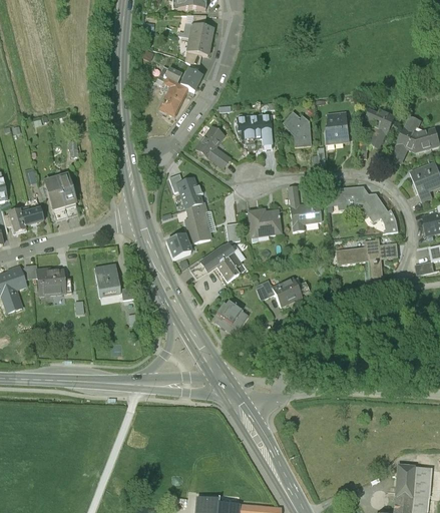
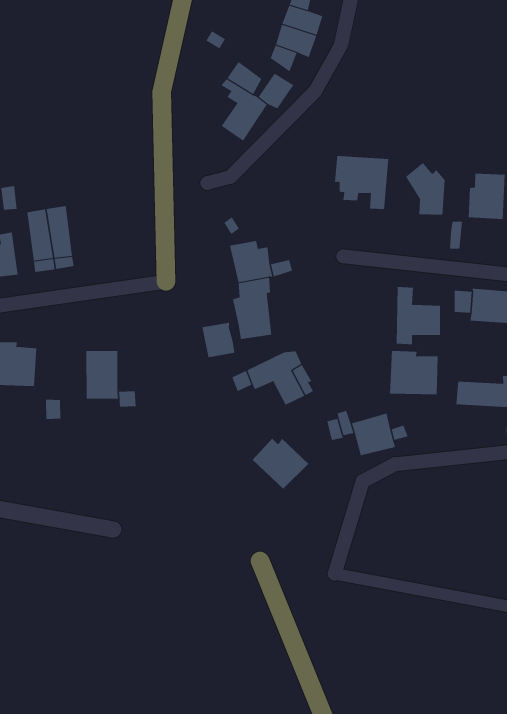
building: [193,124,231,169] -> none
building: [248,208,282,238] -> [389,350,439,395]

